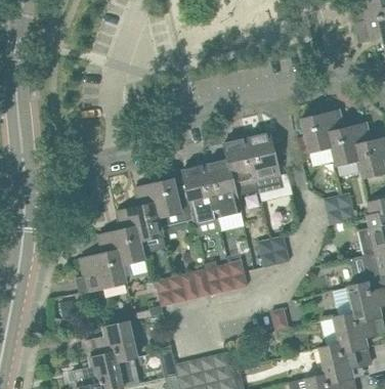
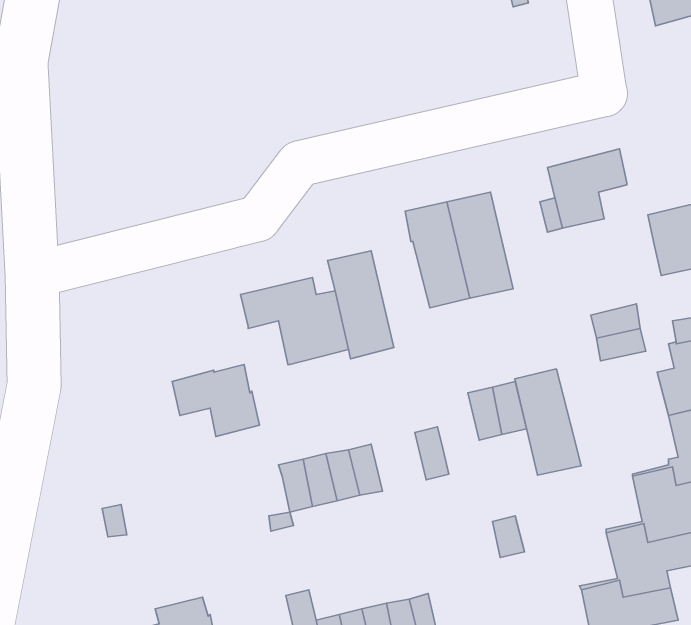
building: [328,123,371,166] -> none
building: [205,160,241,217] -> [515,369,581,475]
building: [116,203,163,242] -> none
building: [76,250,125,294] -> none
building: [204,262,234,295] -> none
building: [84,320,137,362] -> none

